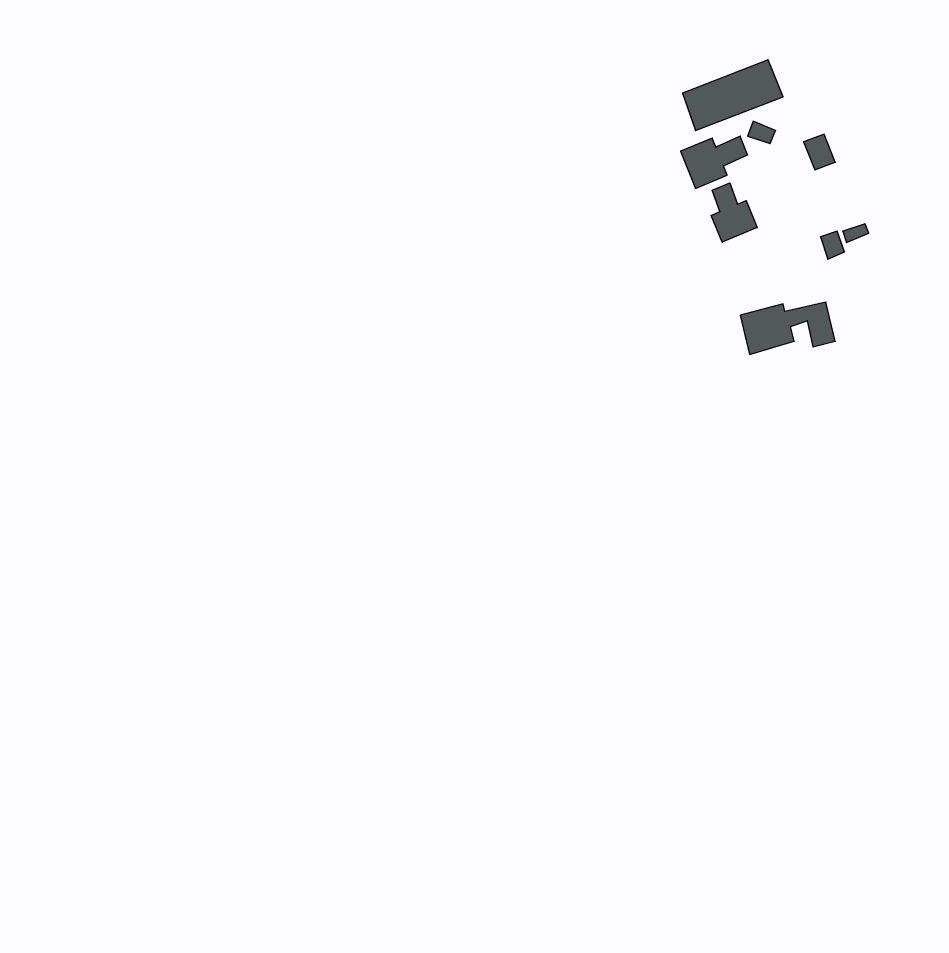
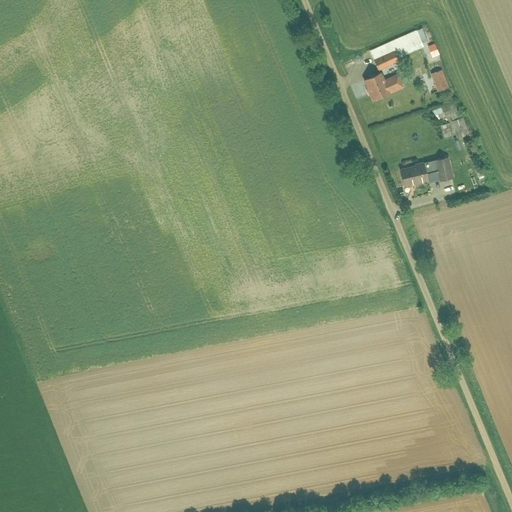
building: [711,183,757,242] -> none

